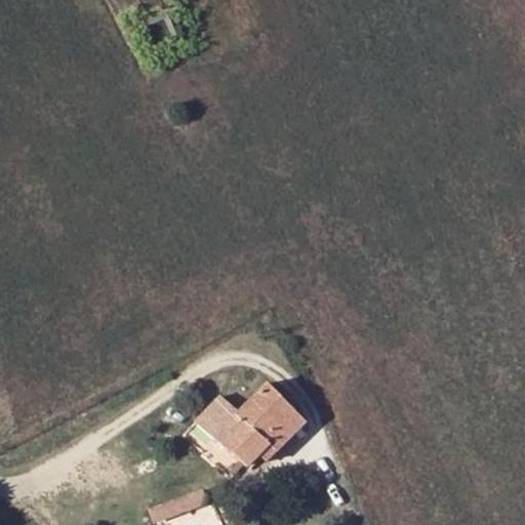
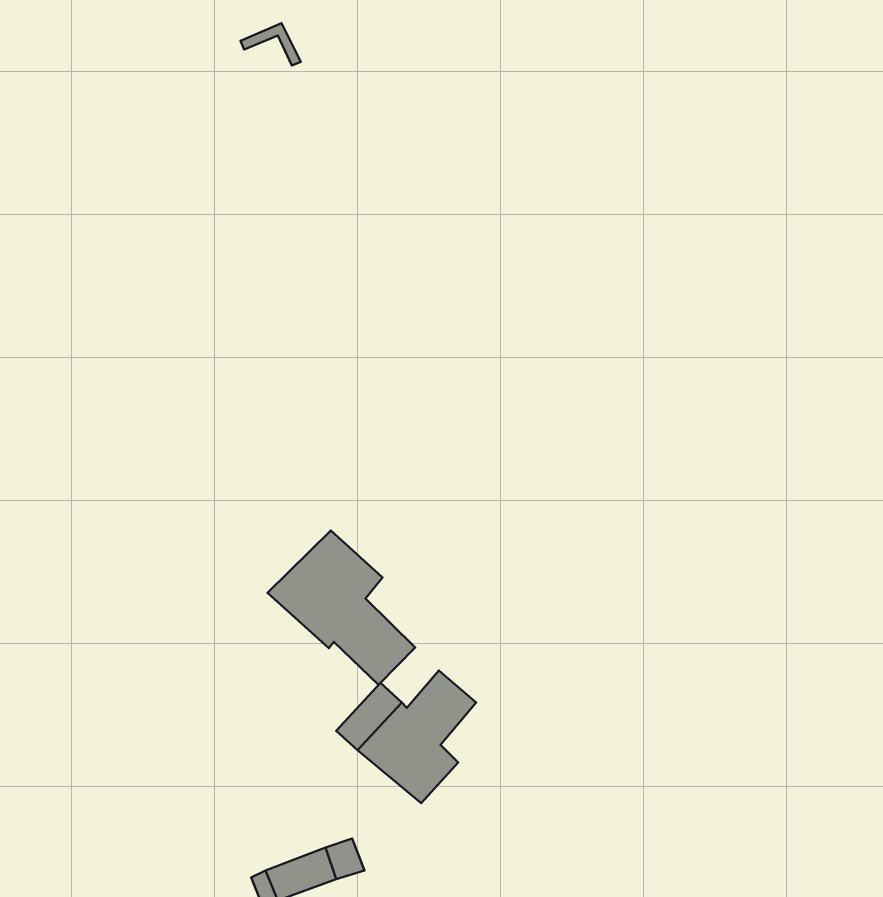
building: none -> [268,531,415,685]

